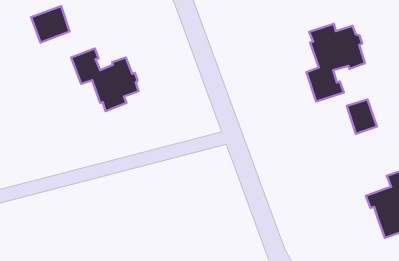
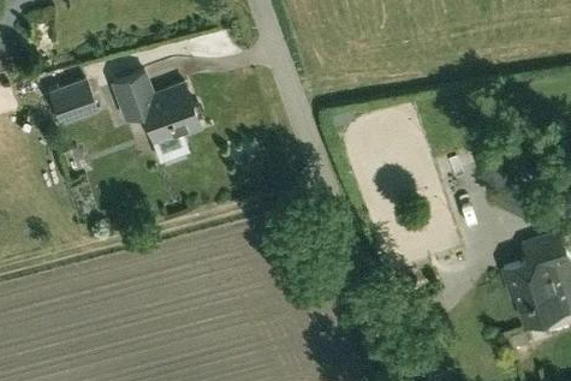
building: [31,6,69,43] -> [47,78,97,126]
building: [307,24,365,101] -> none

